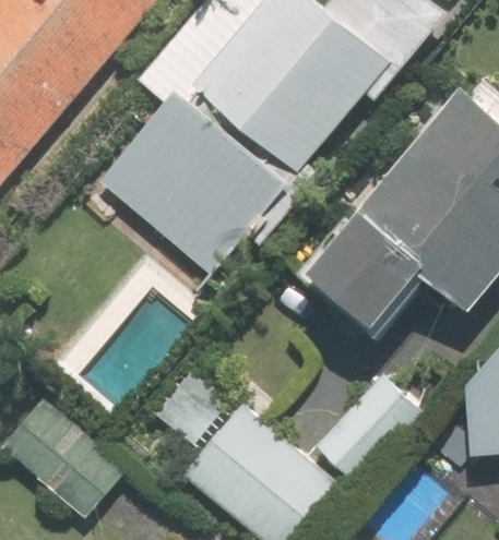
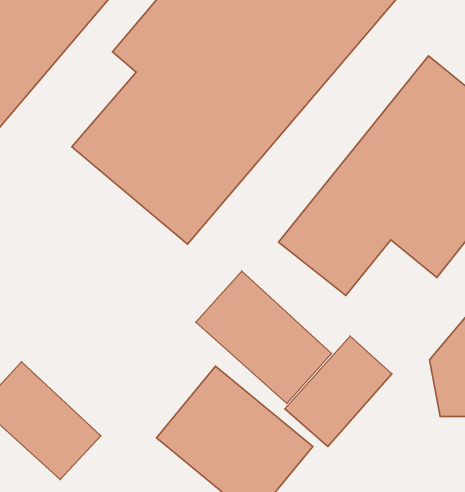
building: none -> [196,271,332,403]

